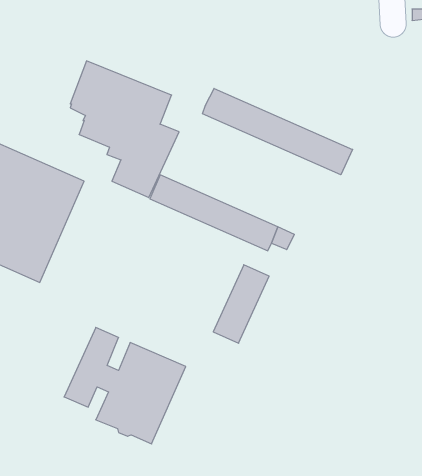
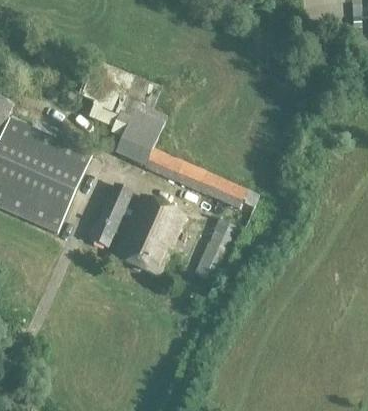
building: [202,88,353,175] -> none
building: [64,327,186,444] -> [89,183,185,275]

